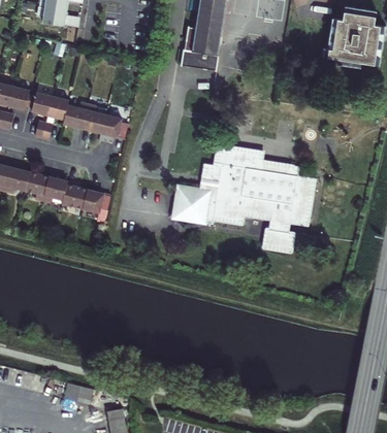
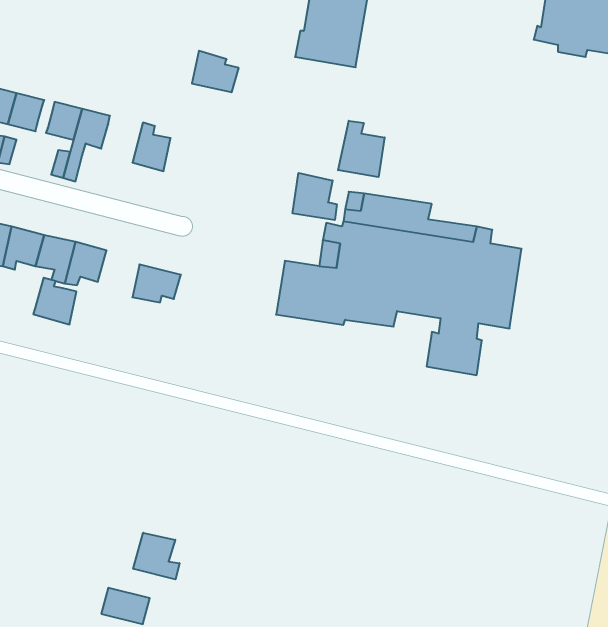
building: [63,102,88,128] -> none
building: none -> [338,121,385,177]
building: [100,113,128,138] -> [192,51,239,92]
building: none -> [293,173,337,220]
building: [60,180,86,208] -> [33,278,76,324]
building: none -> [133,533,179,579]

